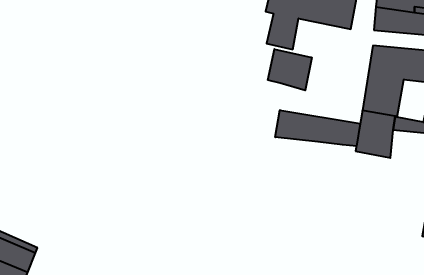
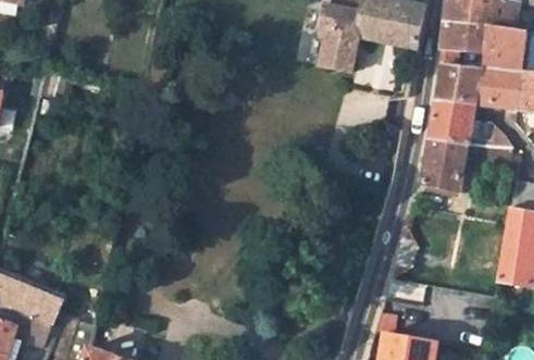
building: [268,49,312,90] -> none
building: [275,110,360,146] -> none

